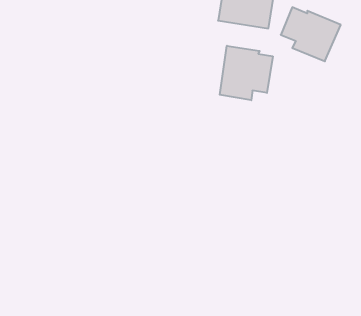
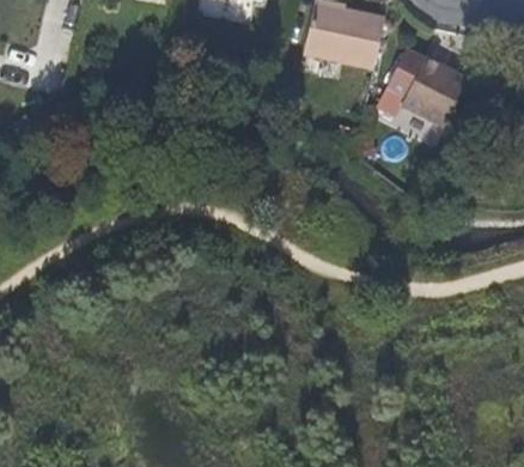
building: [220,46,273,100] -> none

